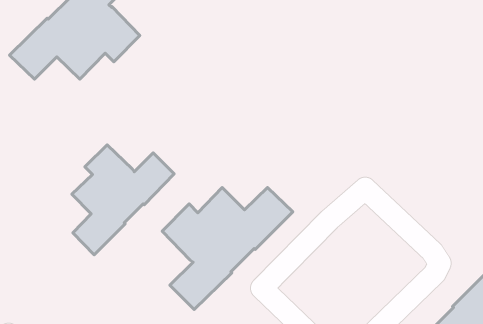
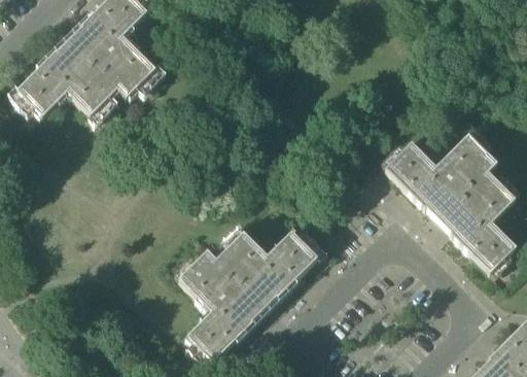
building: none -> [385,134,516,272]
building: [72,145,174,255] -> none

